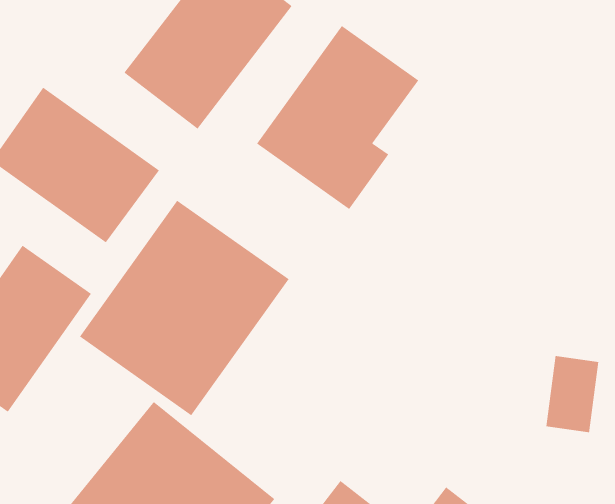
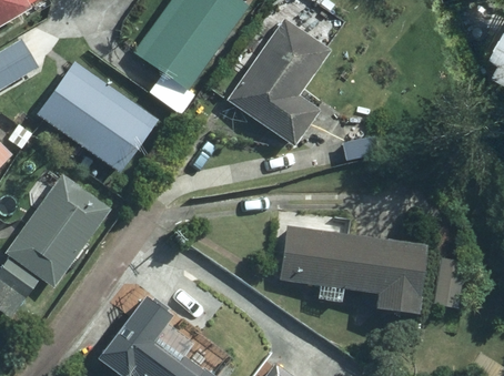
building: [79,200,289,416] -> none
building: none -> [275,223,419,321]

